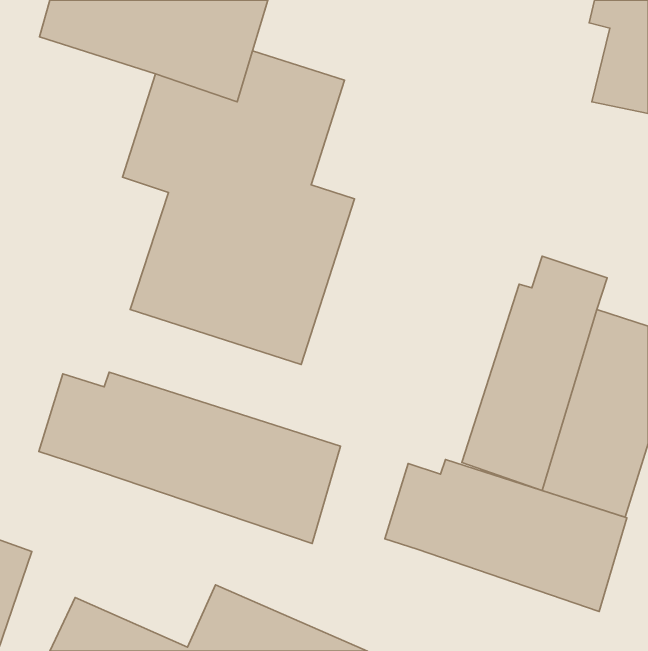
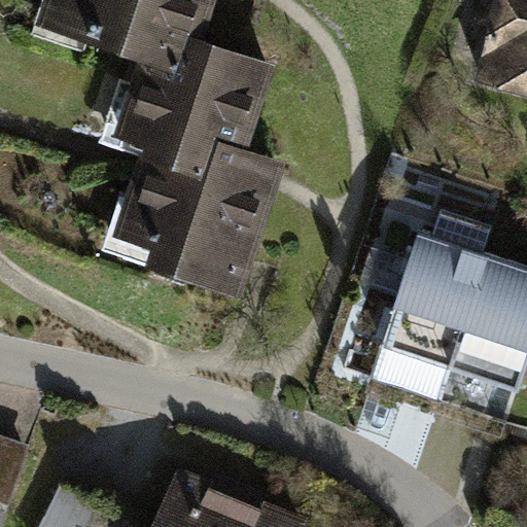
building: [39,372,341,543] -> none
building: [385,460,627,611] -> none

